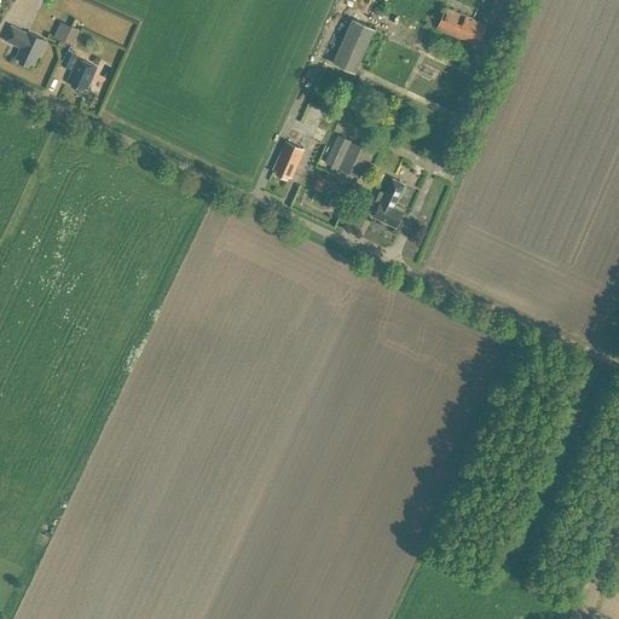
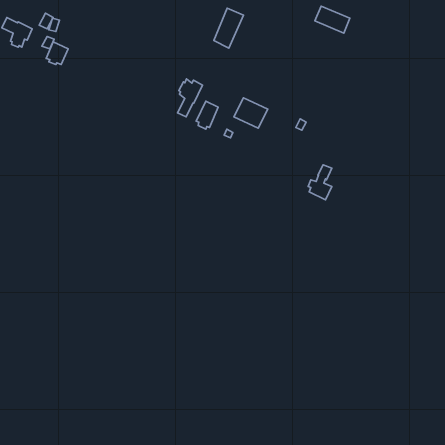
building: [332,21,374,76] -> [214,8,244,48]
building: none -> [178,79,203,117]
building: [370,179,403,227] -> [308,165,332,200]

